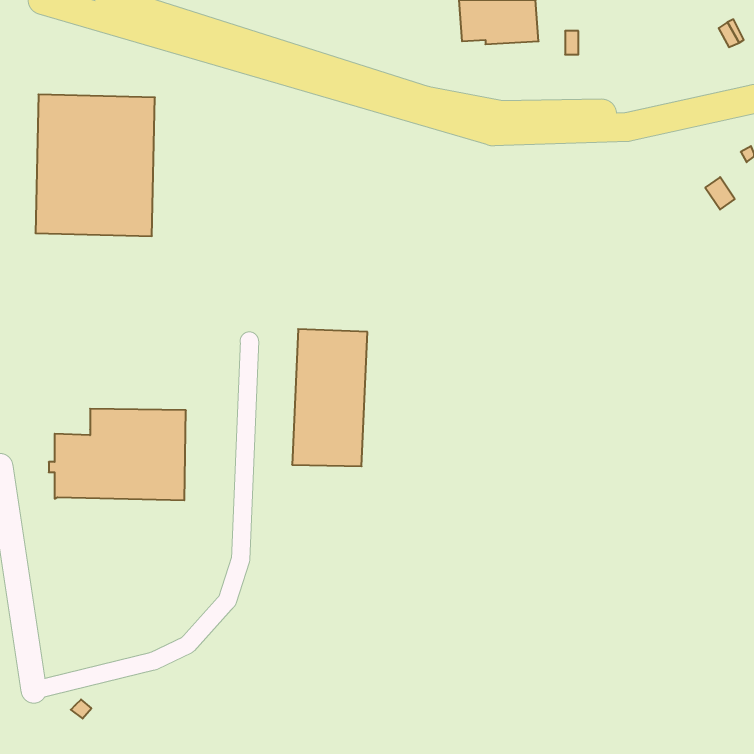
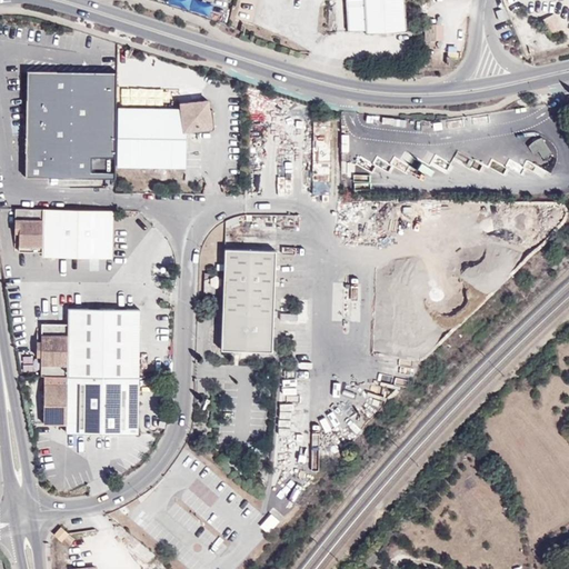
building: none -> [118,100,211,167]
building: none -> [13,208,111,257]
building: none -> [42,375,139,433]

